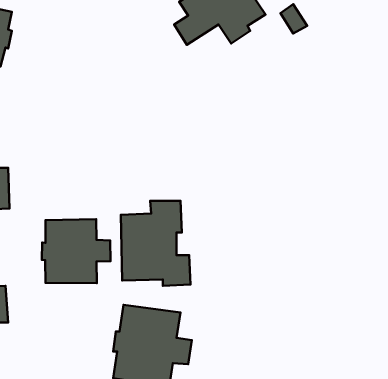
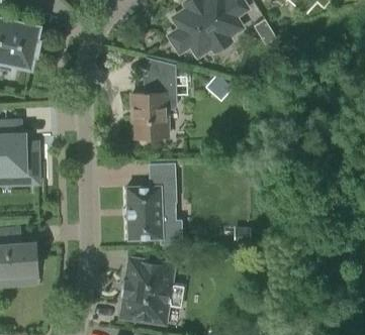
building: none -> [131,76,177,139]
building: [42,219,110,283] -> none

